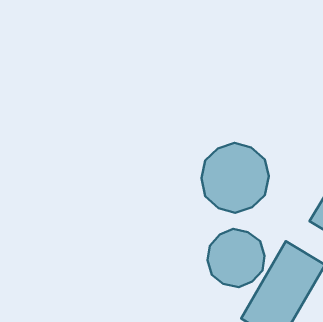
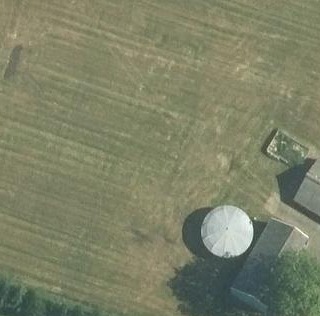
building: [202,143,269,213] -> none

